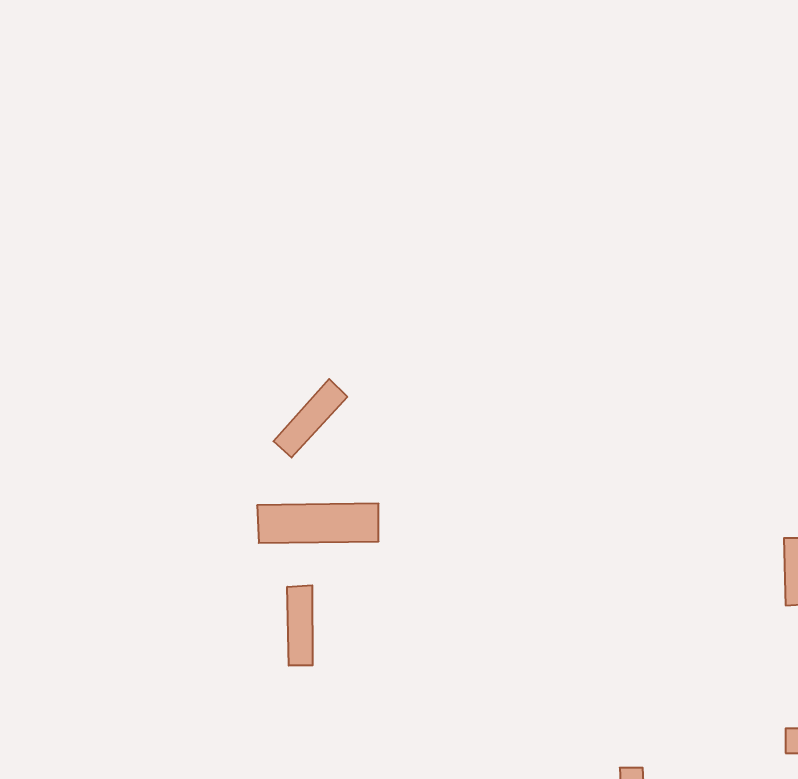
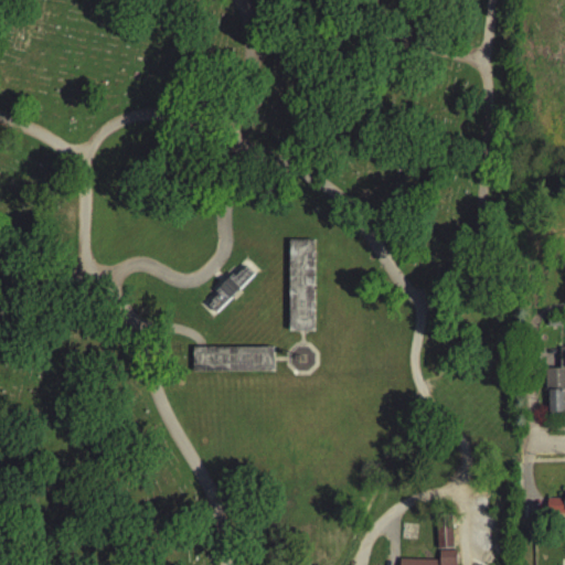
building: none -> [289,239,315,331]
building: [287,585,313,666] -> none

